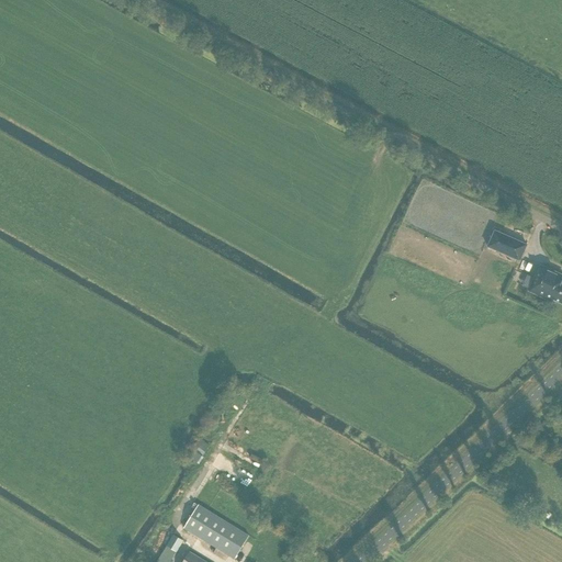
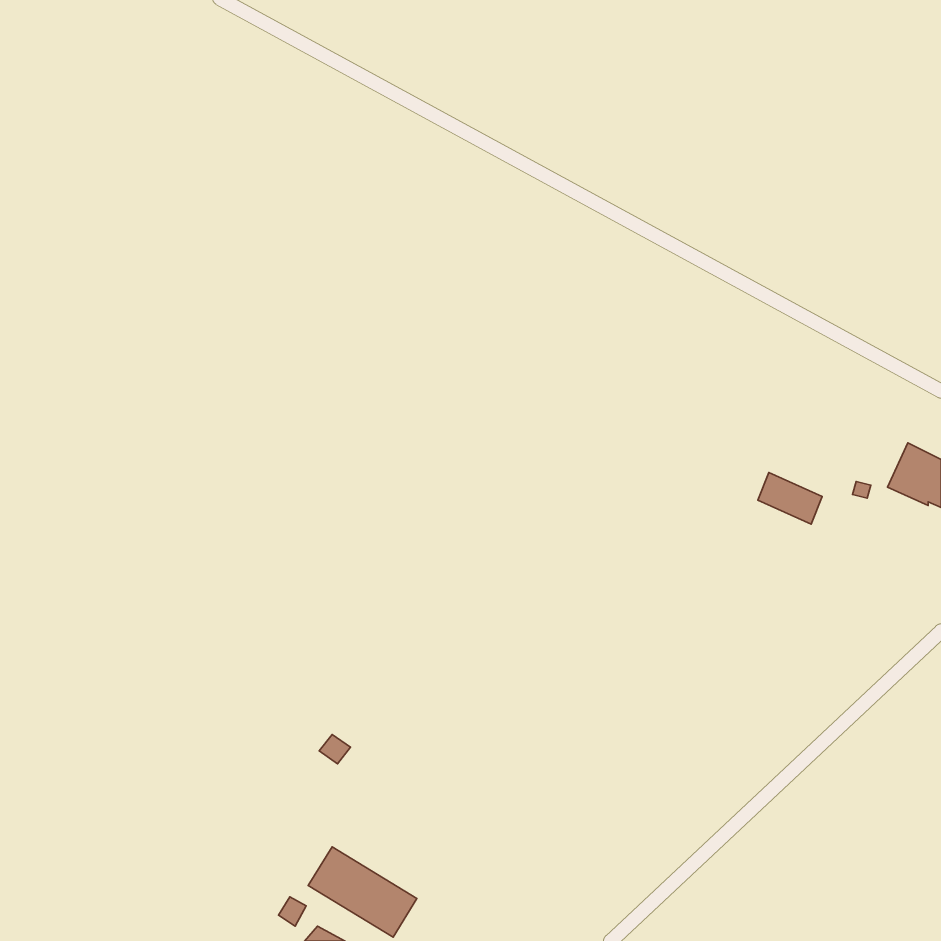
building: [487,229,526,260] -> [758,472,822,524]

